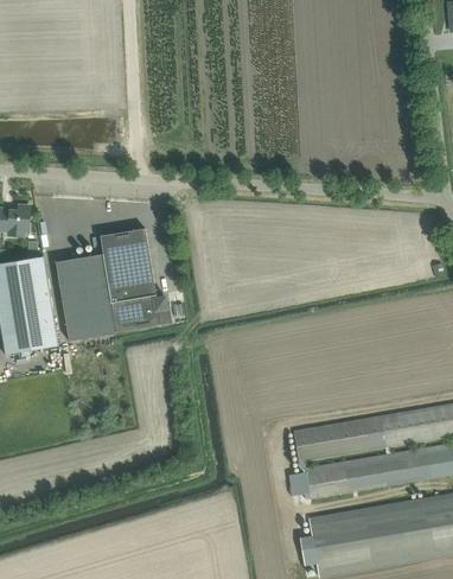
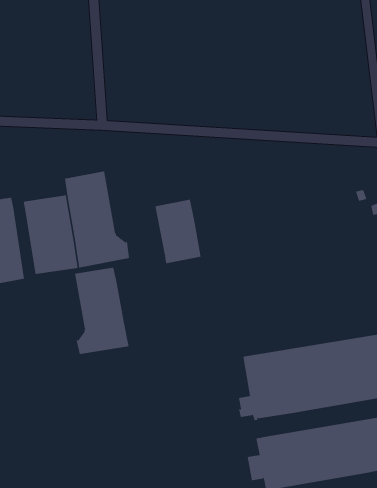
building: none -> [155,199,201,264]
building: none -> [74,267,129,355]

